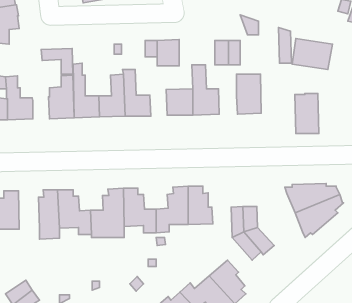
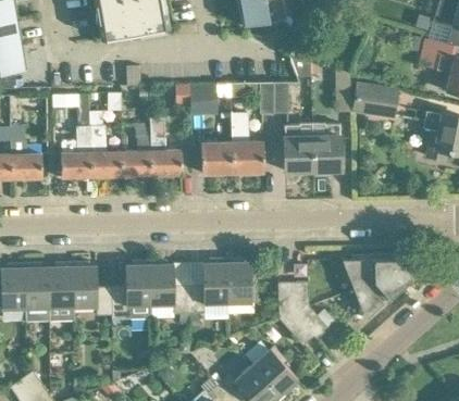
building: [295,94,319,134] -> [312,124,340,172]
building: none -> [24,264,49,322]

